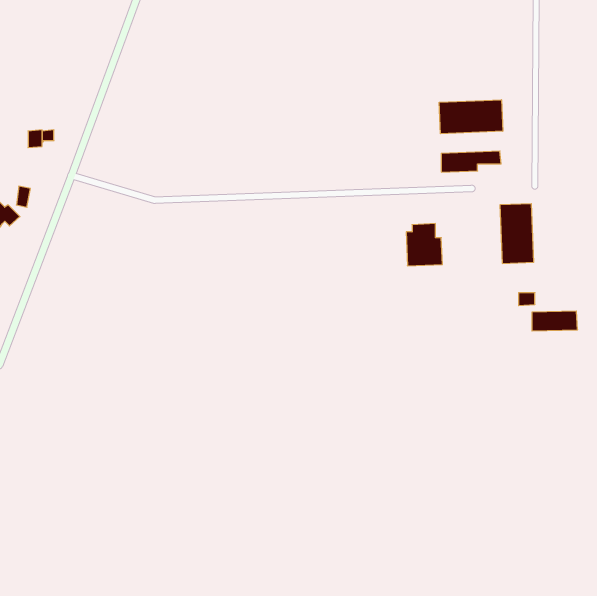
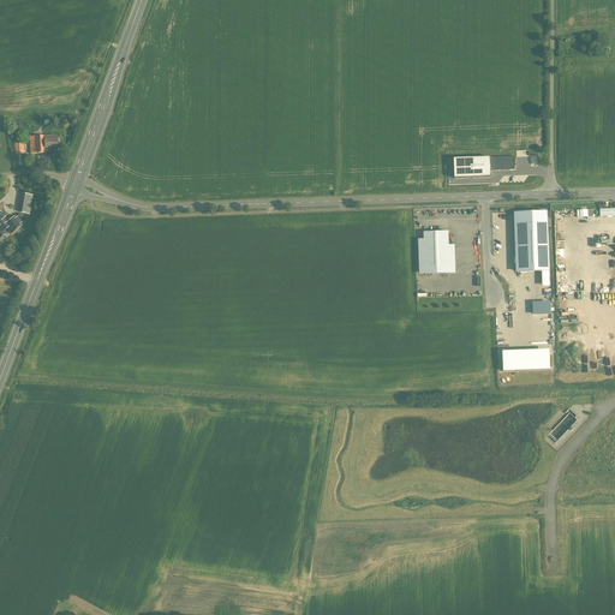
building: [439,100,503,134] -> none
building: [532,311,578,331] -> [502,348,549,369]

